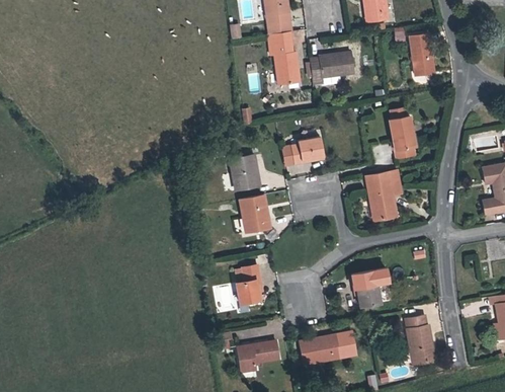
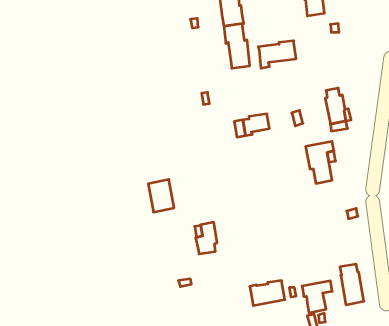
building: [410,34,433,75] -> none
building: [230,155,260,189] -> none
building: [240,194,270,233] -> [148,179,174,212]
building: [352,268,388,306] -> [302,281,332,313]
building: [238,340,278,372] -> none

